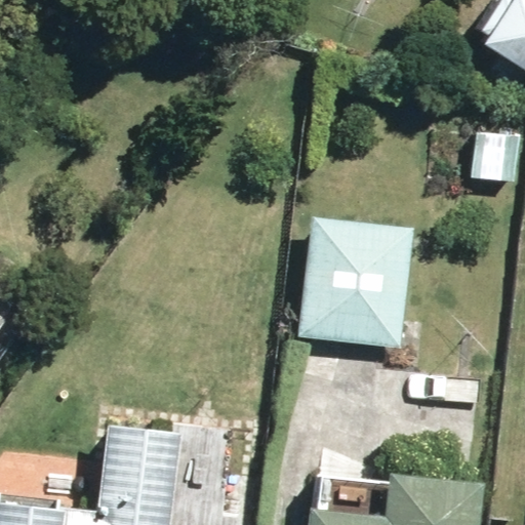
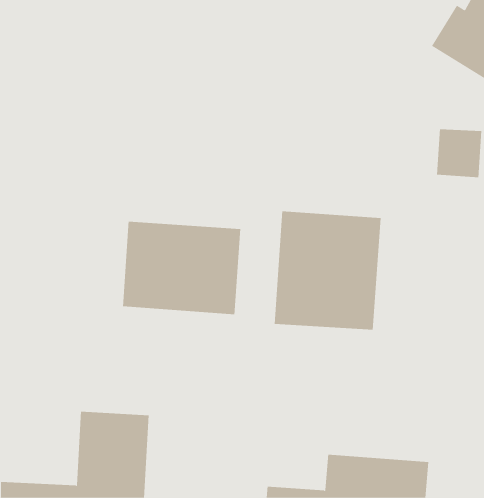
building: none -> [122,221,241,315]

